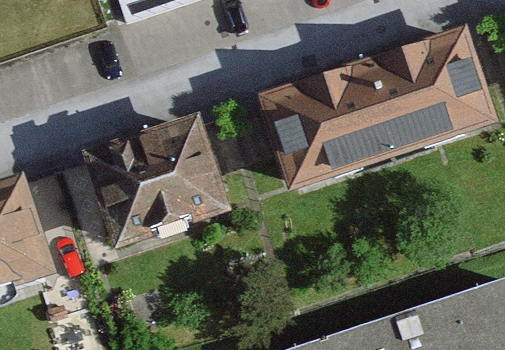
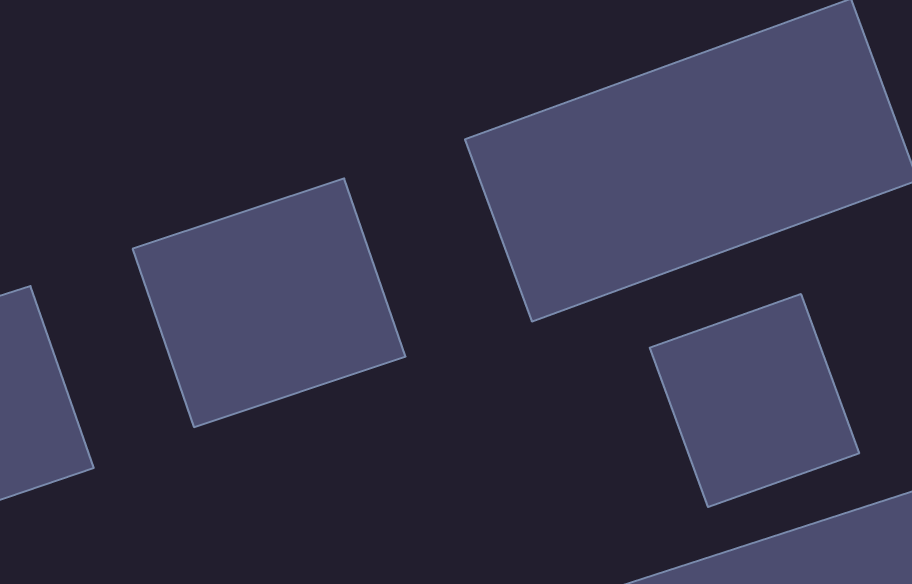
building: none -> [650,294,859,507]

